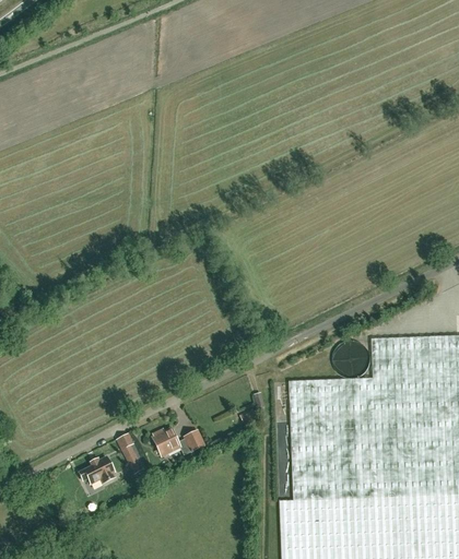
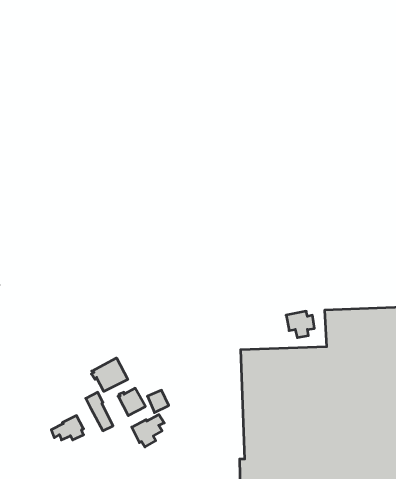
building: none -> [91,358,128,391]
building: none -> [132,415,164,447]

